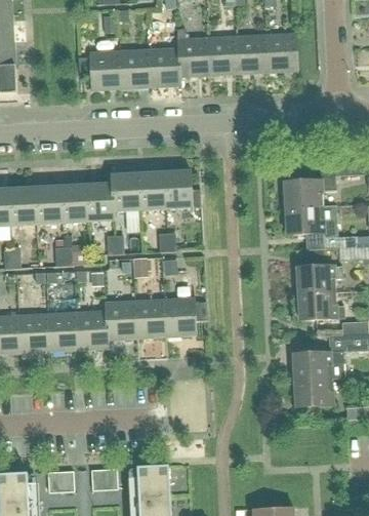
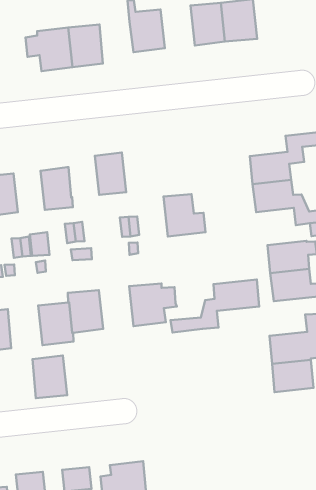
building: [208,36,239,75] -> none
building: [150,48,181,86] -> none
building: [164,170,202,209] -> [164,194,206,236]
building: [112,173,140,211] -> none
building: [60,185,88,223] -> none
building: [135,299,166,338] -> none
building: none -> [170,280,259,332]
building: [48,312,79,351] -> [33,355,67,398]

